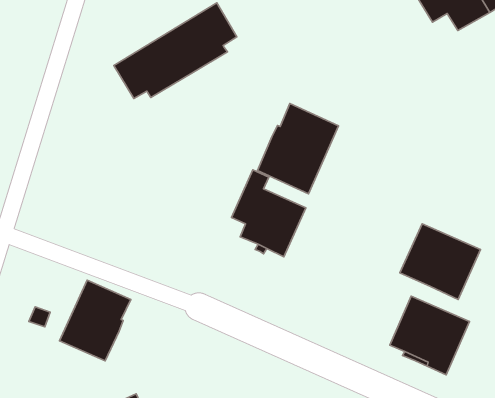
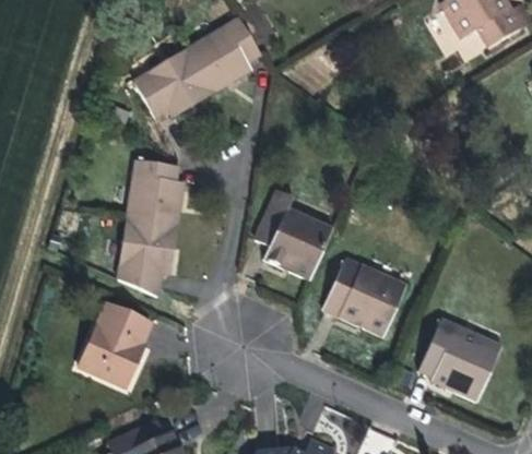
building: [257,104,339,194] -> none
building: none -> [118,158,182,295]
building: [400,224,480,299] -> [323,258,406,335]

